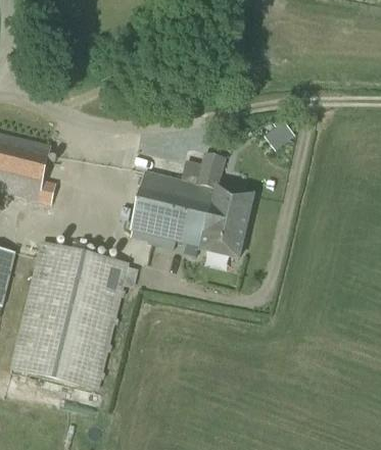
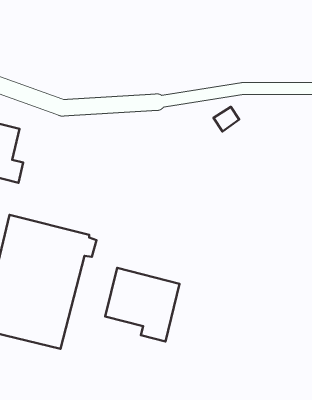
building: [130,153,253,259] -> none
building: none -> [105,268,180,342]

